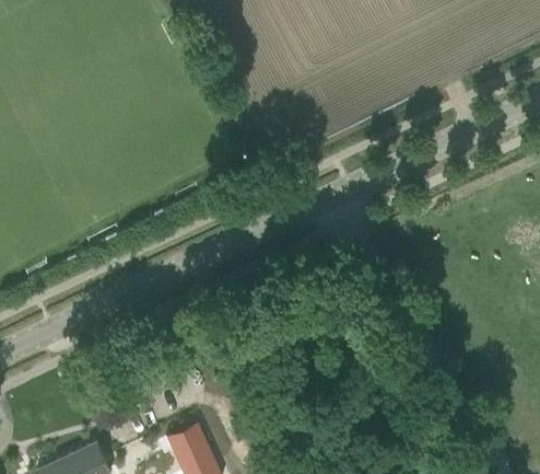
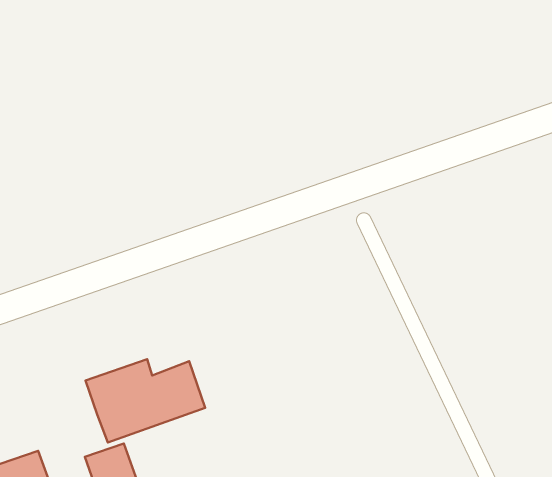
building: none -> [85,359,205,443]

